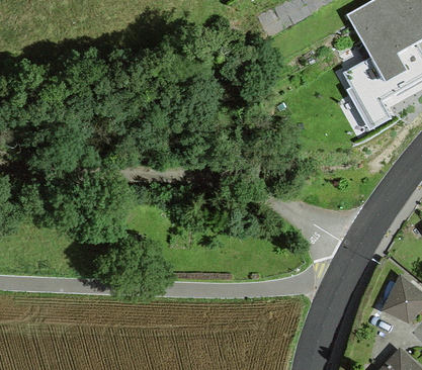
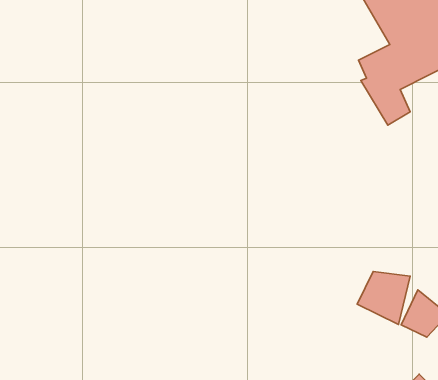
building: none -> [357,272,410,324]

